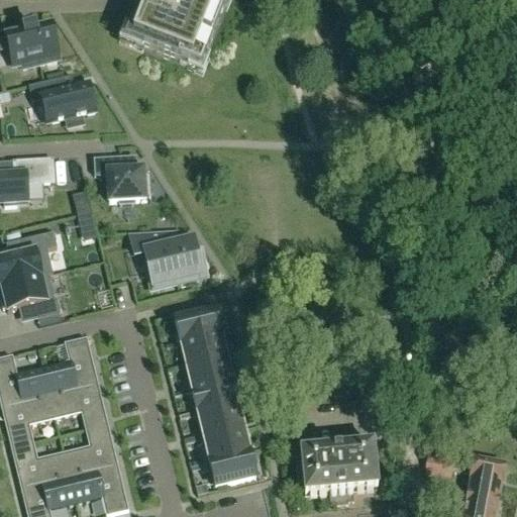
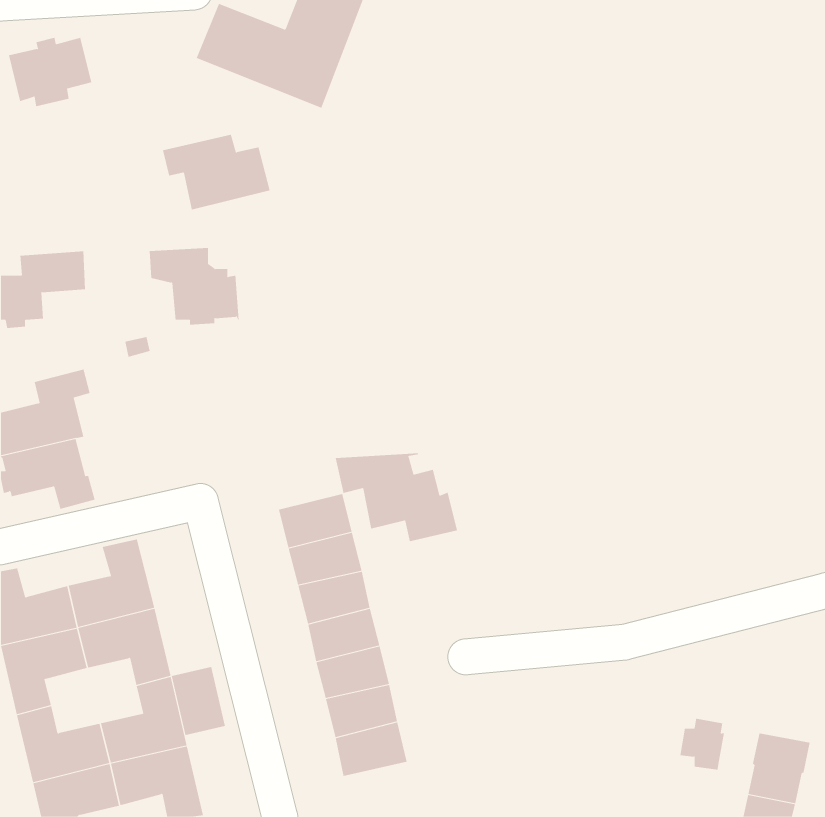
building: [28,74,96,121] -> [162,134,270,210]
building: [130,228,207,284] -> [335,453,458,542]
building: none -> [171,666,226,736]
building: [298,443,378,494] -> none

